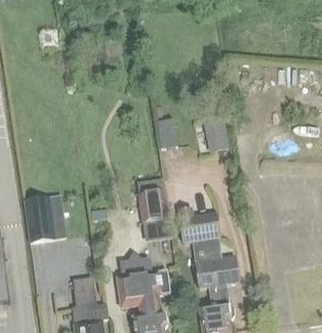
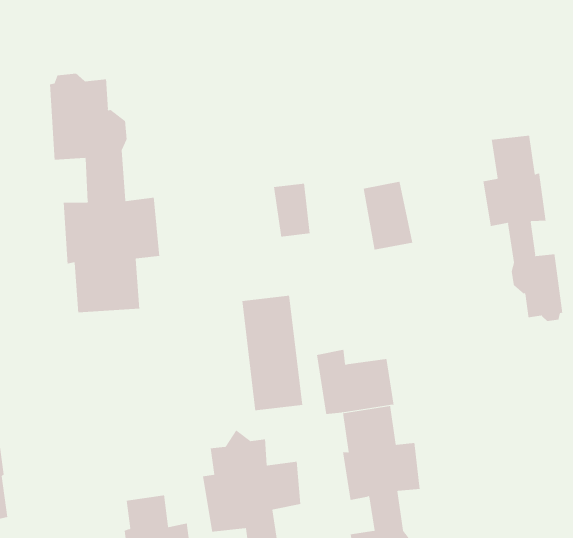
building: none -> [49,73,160,313]
building: none -> [483,135,563,322]
building: [25,197,54,241] -> none

